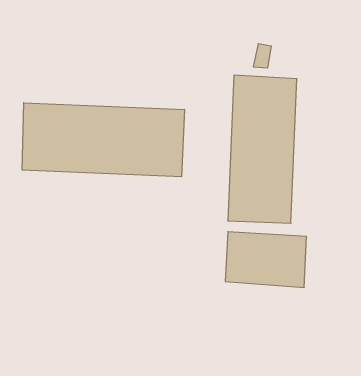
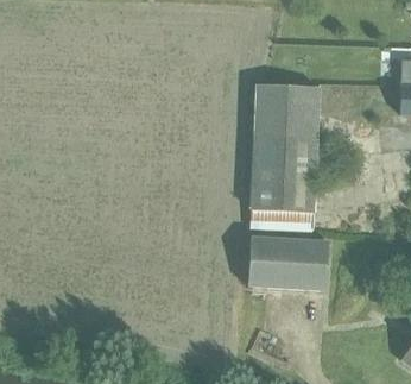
building: [22,103,184,177] -> none

